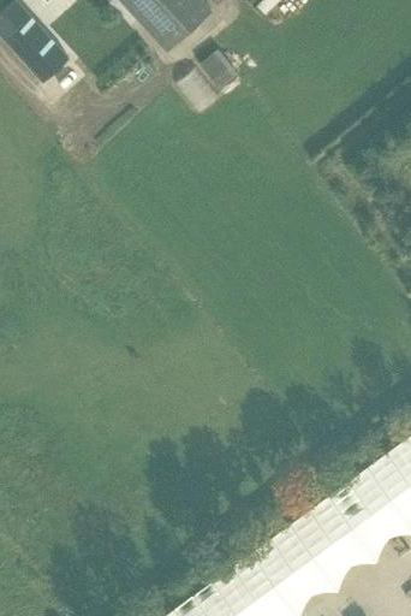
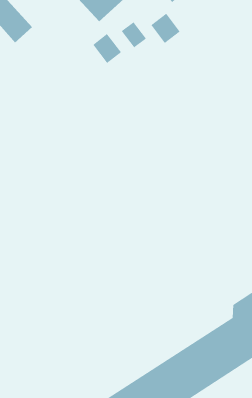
building: none -> [150,13,181,44]
building: none -> [93,33,122,64]

